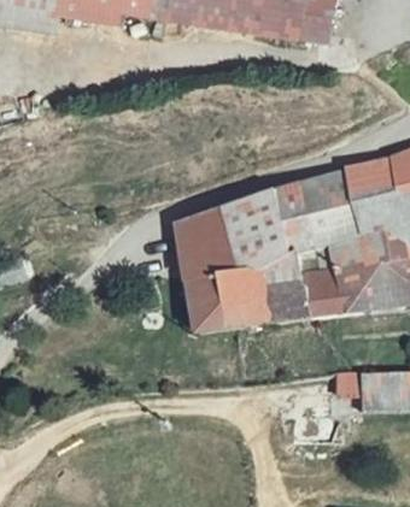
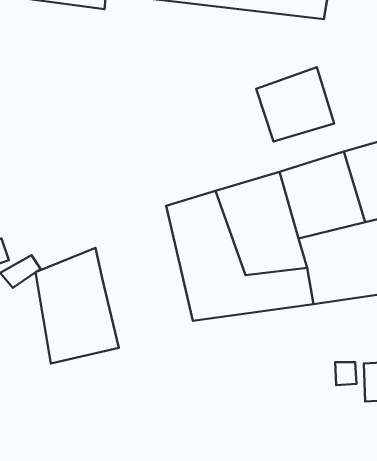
building: none -> [256,67,334,141]
building: none -> [36,248,119,363]

